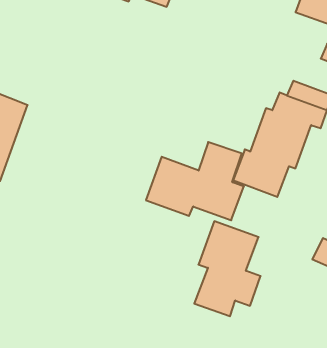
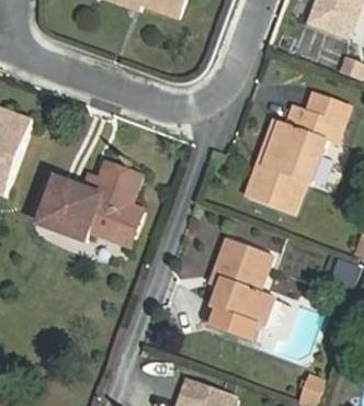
building: [146,142,244,220] -> [41,162,143,244]

